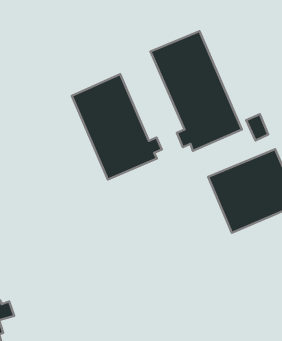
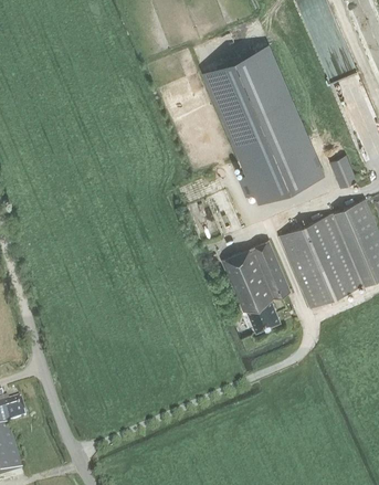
building: [72,74,162,180] -> none
building: none -> [222,242,291,333]

